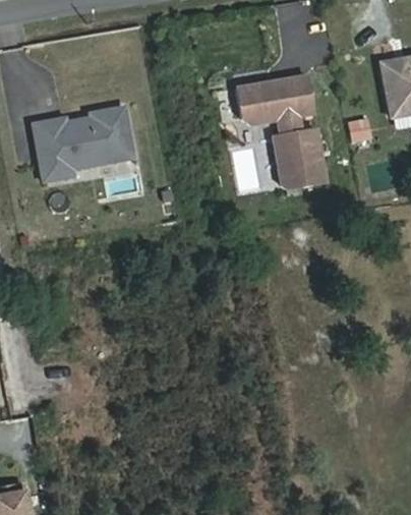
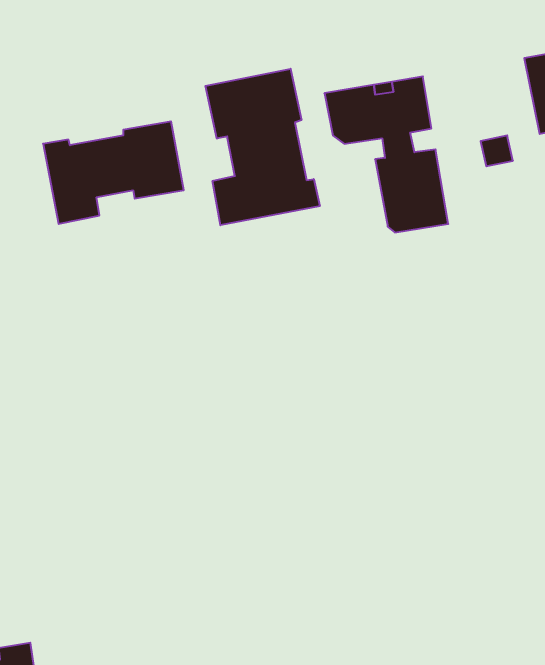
building: none -> [205,69,320,225]

